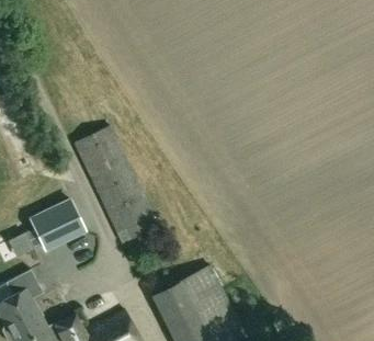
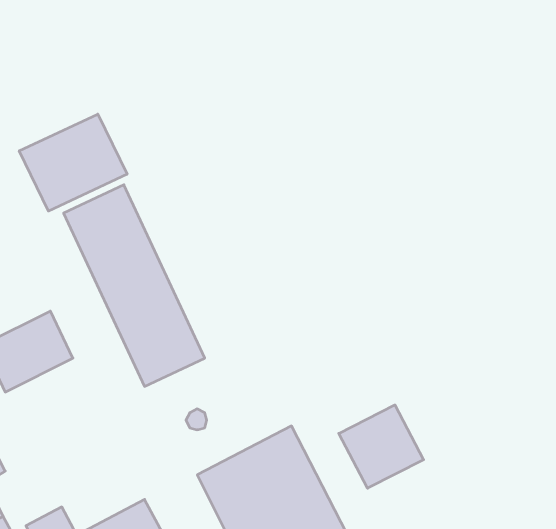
building: none -> [19,114,127,211]
building: none -> [339,405,424,488]

